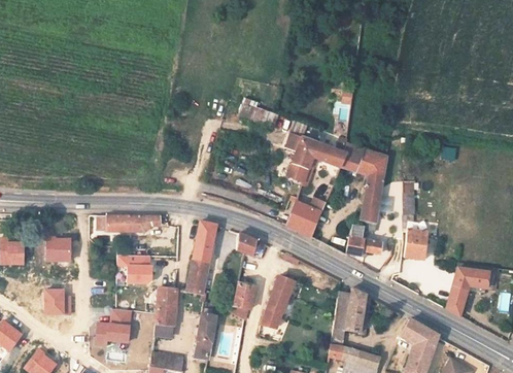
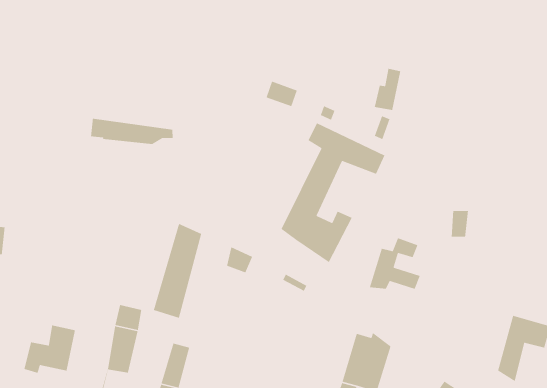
building: [343,138,395,219] -> none
building: [98,215,161,231] -> [90,118,174,145]
building: [405,227,432,261] -> none
building: [115,255,150,283] -> none
building: [262,277,295,329] -> none
building: [230,282,253,310] -> none

